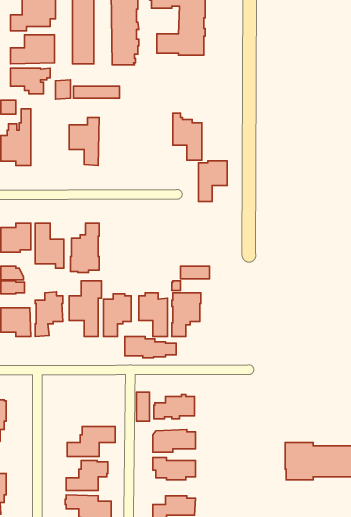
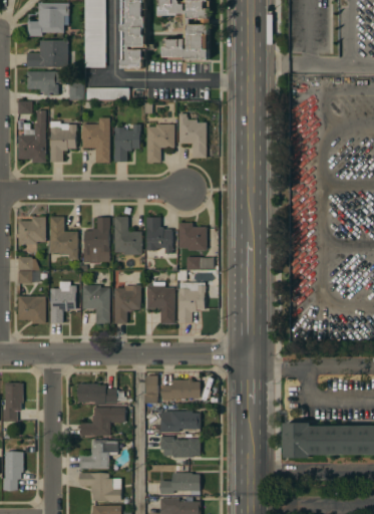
building: none -> [49,121,76,162]
building: none -> [113,124,140,162]
building: [198,161,227,202] -> [146,124,173,163]
building: none -> [113,217,141,255]
building: none -> [145,217,171,253]
building: none -> [178,223,206,250]
building: [125,337,176,358] -> [77,383,125,404]

